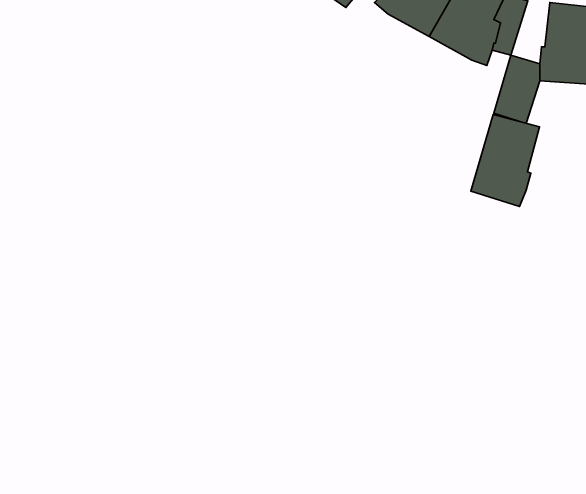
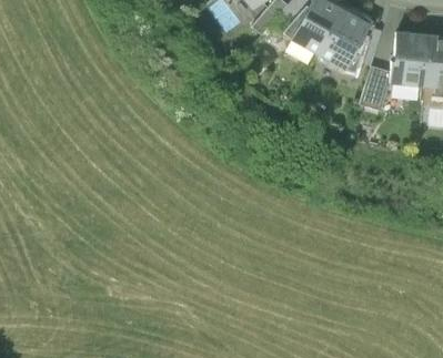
building: [471,114,539,207] -> none

